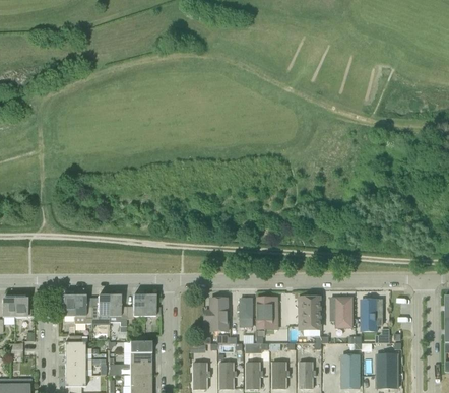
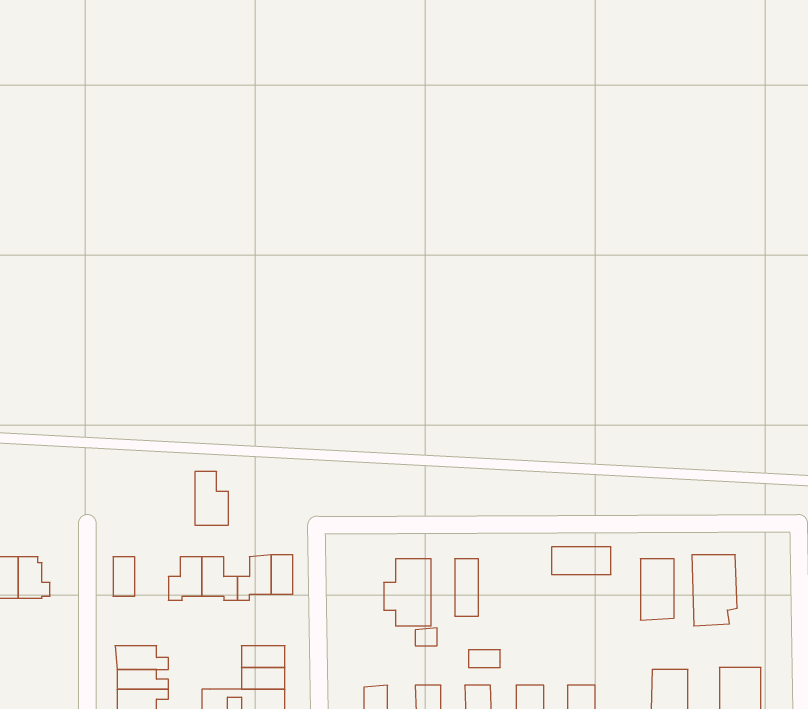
building: [75,296,92,323] -> [195,472,228,525]
building: [262,297,278,329] -> none
building: [303,306,319,330] -> none

